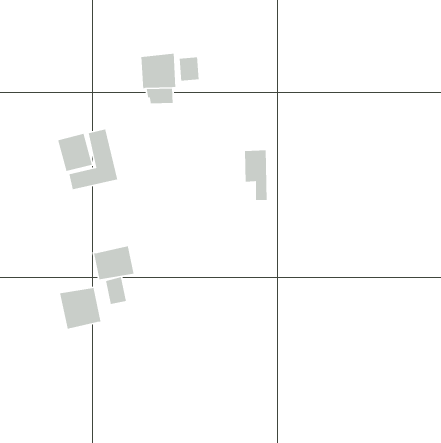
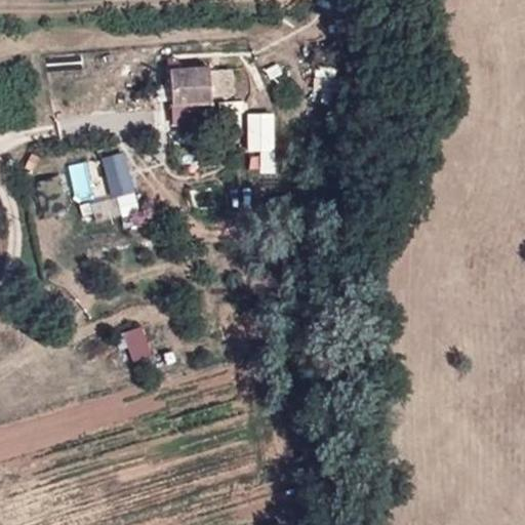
building: [244,150,267,201] -> [247,114,275,174]
building: [93,245,135,280] -> none
building: [59,287,101,330] -> none

